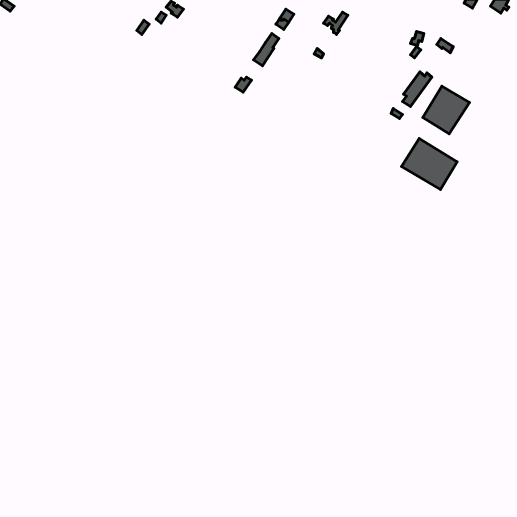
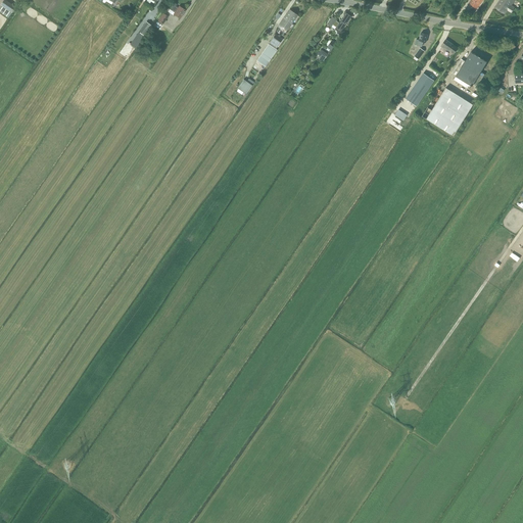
building: none -> [451,51,486,90]
building: [401,139,457,189] -> none

